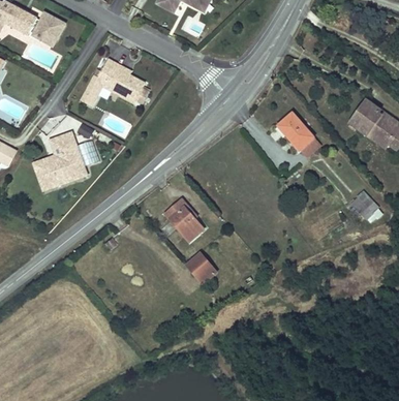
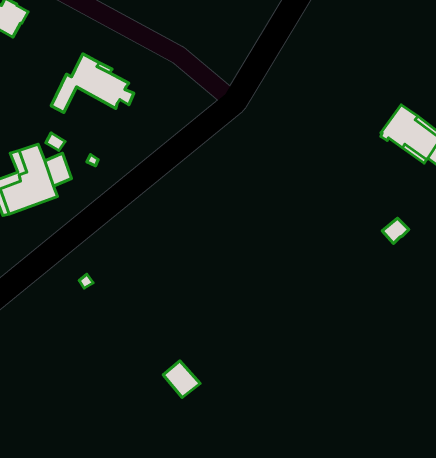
building: [278,112,313,148] -> none
building: [164,198,203,240] -> none
building: [186,252,216,282] -> [163,361,200,398]

